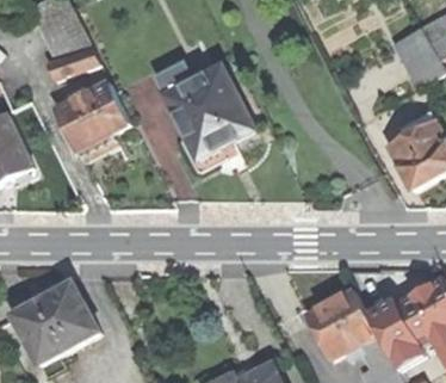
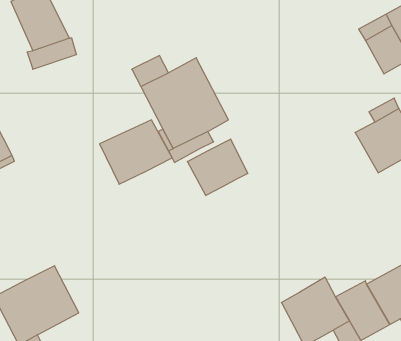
building: [55,84,130,150] -> [100,120,172,184]
building: none -> [187,139,248,196]

